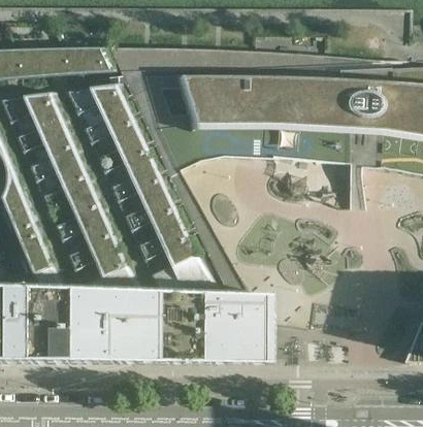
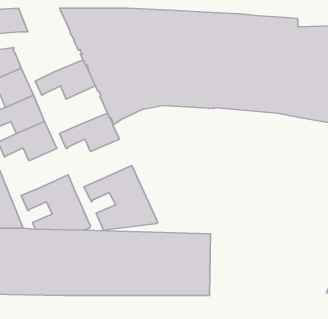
building: [59,47,115,73] -> none
building: [61,83,130,118] -> none
building: [91,133,157,176] -> none
building: [118,192,184,235] -> none
building: [48,202,113,245] -> none

